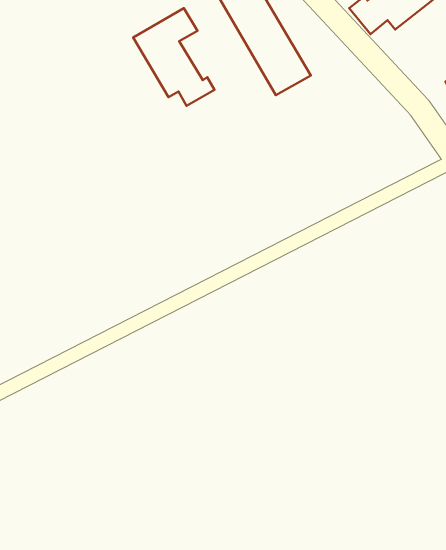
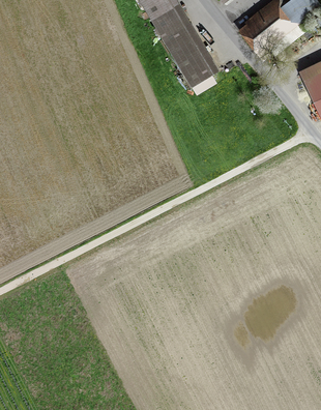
building: [133,8,214,106] -> none

